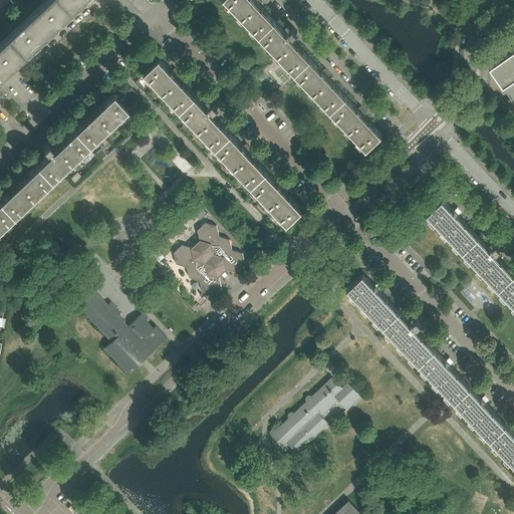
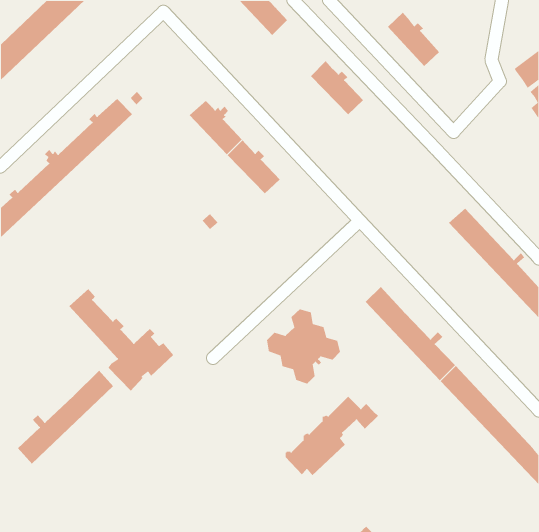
building: [259,26,310,79] -> none
building: [145,64,196,116] -> none
building: [331,102,381,155] -> [387,12,440,67]
building: [252,178,302,230] -> none
building: [174,229,245,301] -> [266,309,341,385]
building: none -> [17,370,114,465]

